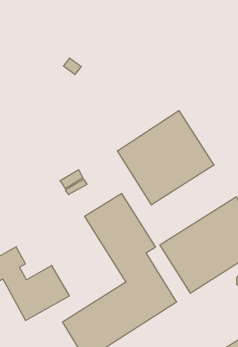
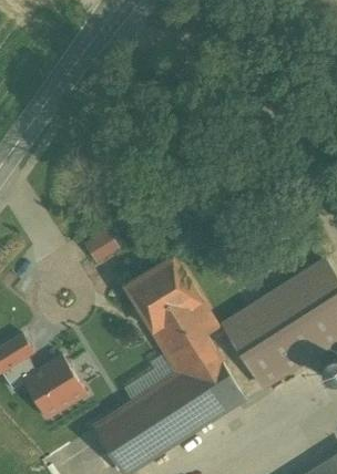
building: [117,111,214,205] -> none

